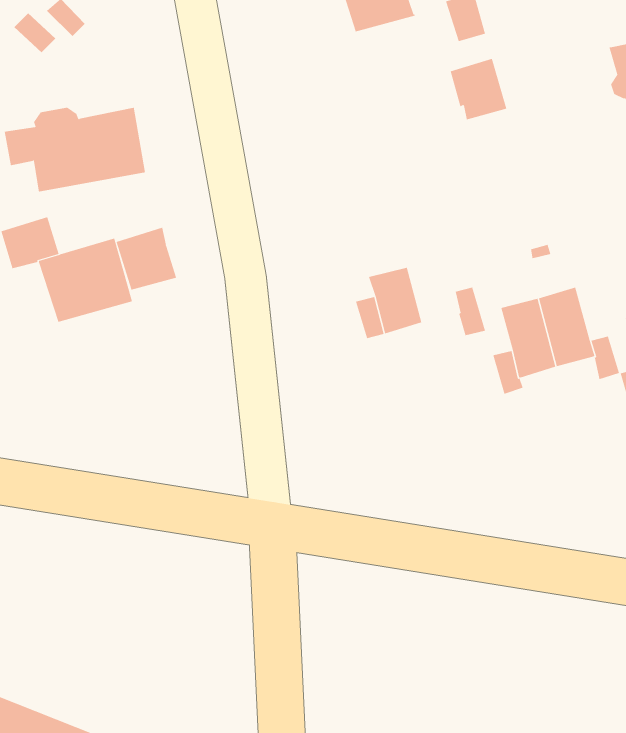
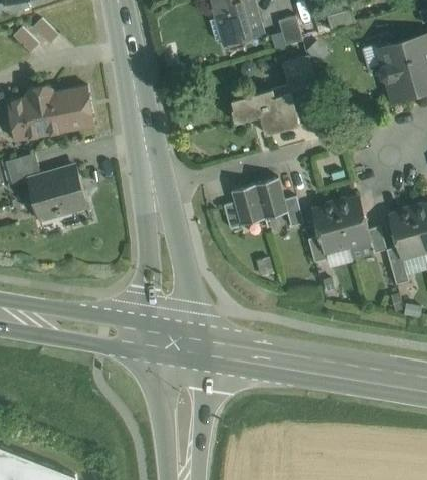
building: none -> [232,85,299,135]
building: [116,227,177,290] -> none
building: none -> [255,178,287,219]

